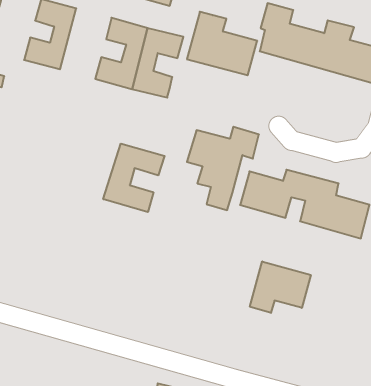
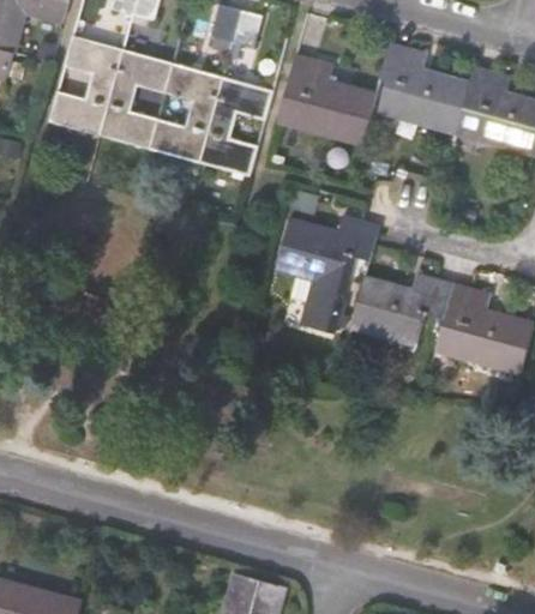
building: none -> [98,49,170,148]
building: [103,144,165,212] -> none
building: [250,261,311,313] -> none

